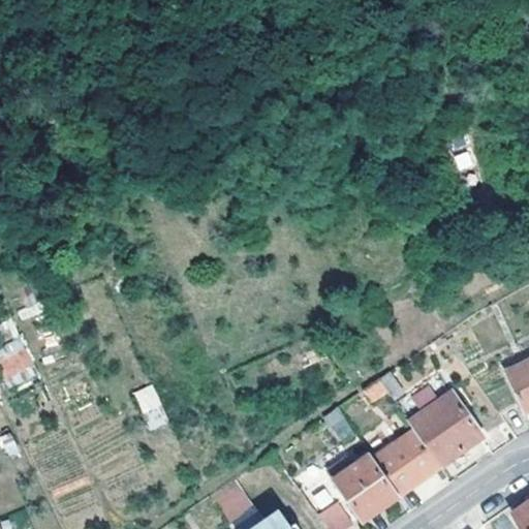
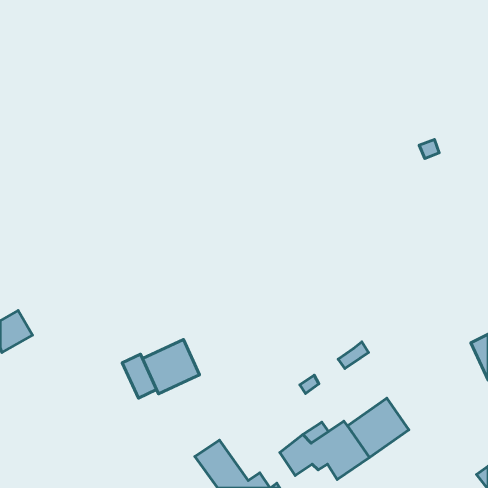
building: none -> [142,340,200,394]
building: [412,393,485,465] -> none

